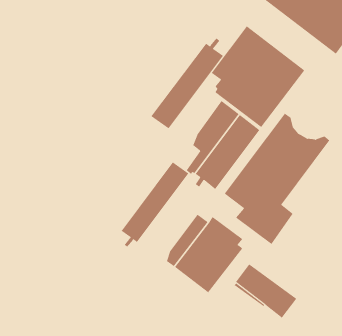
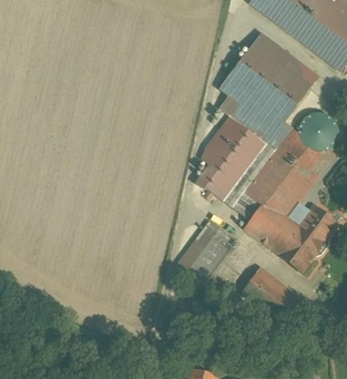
building: [151,38,224,129] -> none
building: none -> [297,111,338,152]
building: [121,162,189,248] -> none
building: none -> [278,205,337,270]

